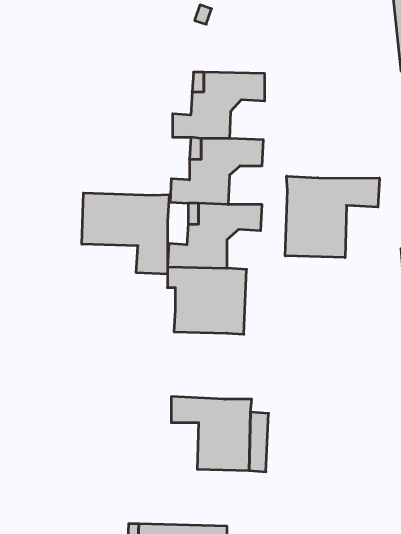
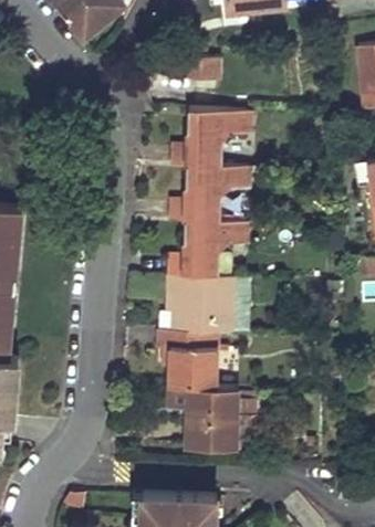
building: [285,176,379,258] -> none
building: [82,193,169,274] -> none
building: none -> [154,330,217,388]

